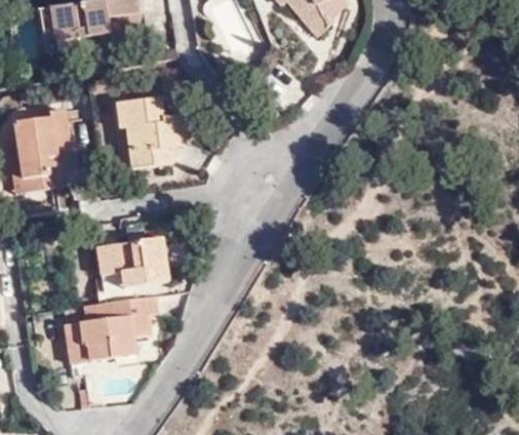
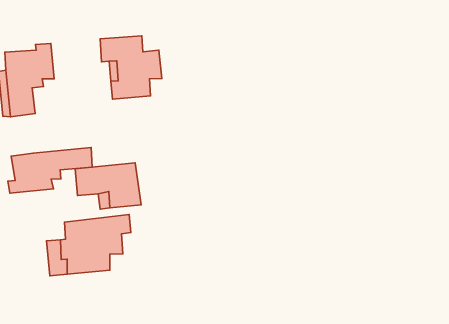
building: none -> [8,147,92,193]

